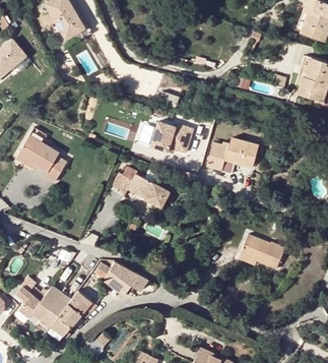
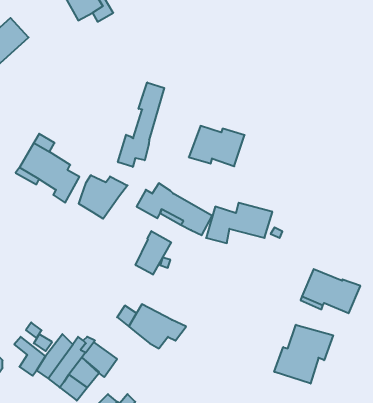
building: none -> [118,82,164,167]
building: [206,138,258,170] -> [206,203,272,243]
building: none -> [79,175,128,219]
building: none -> [136,231,171,275]
building: none -> [274,325,333,384]

